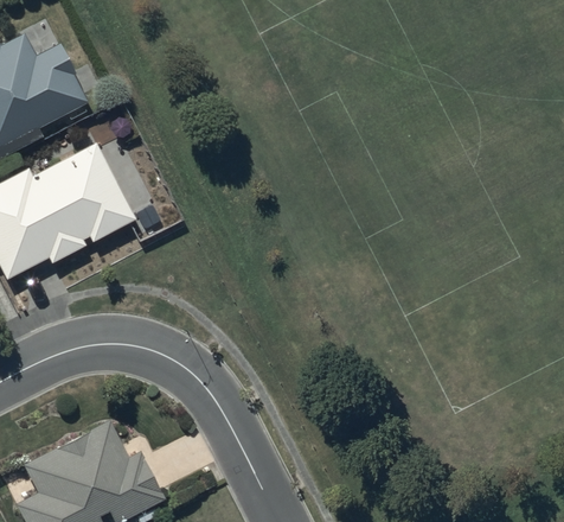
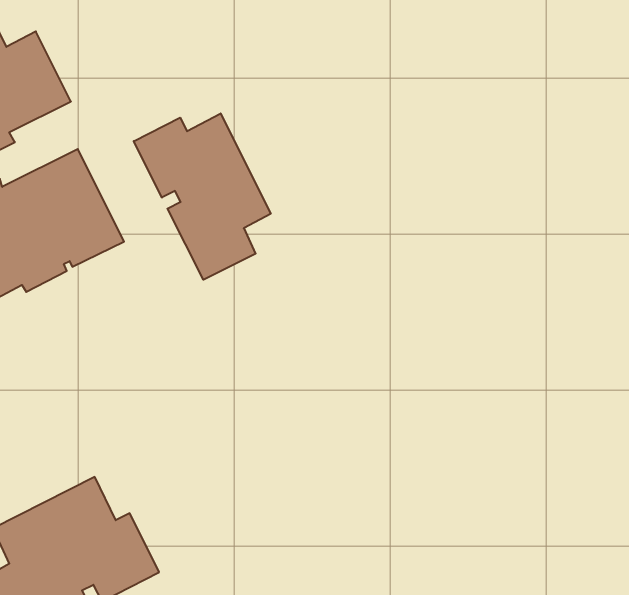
building: none -> [134,113,271,280]

